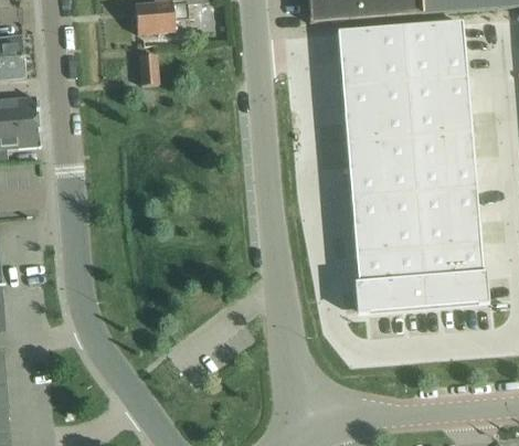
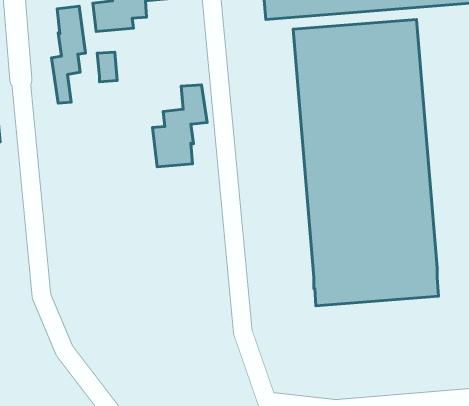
building: none -> [51,6,85,103]
building: none -> [153,85,207,167]

